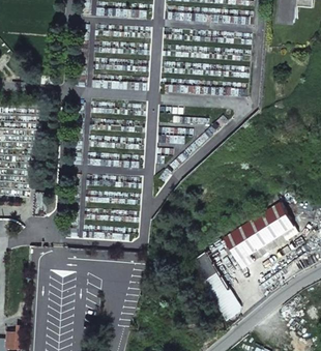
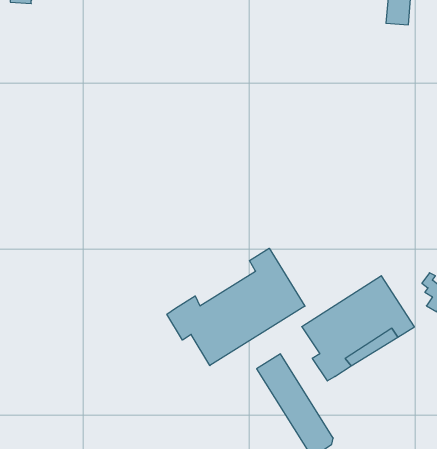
building: none -> [167,248,305,366]

